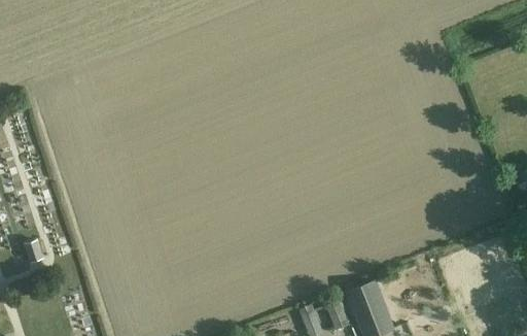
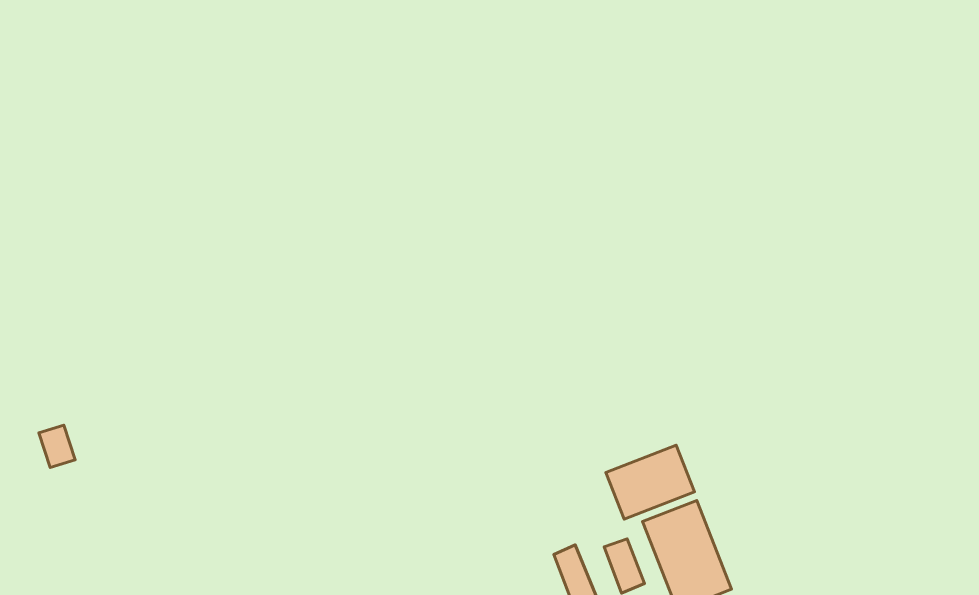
building: none -> [606,445,694,519]

